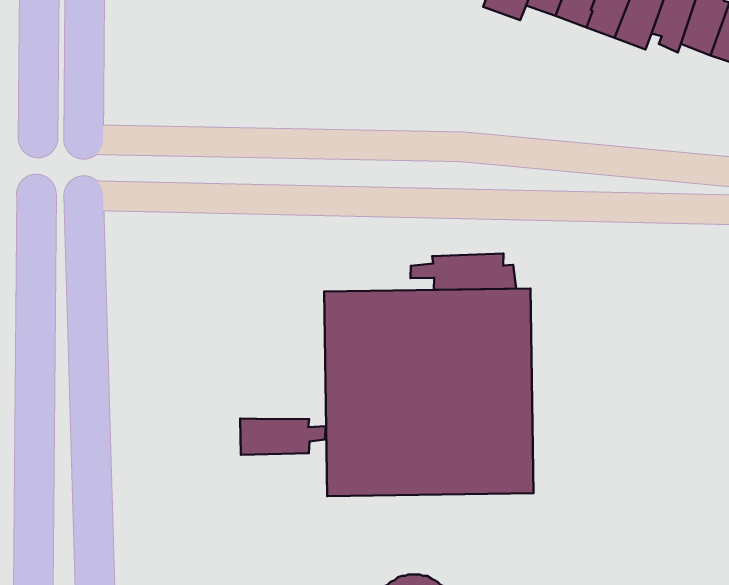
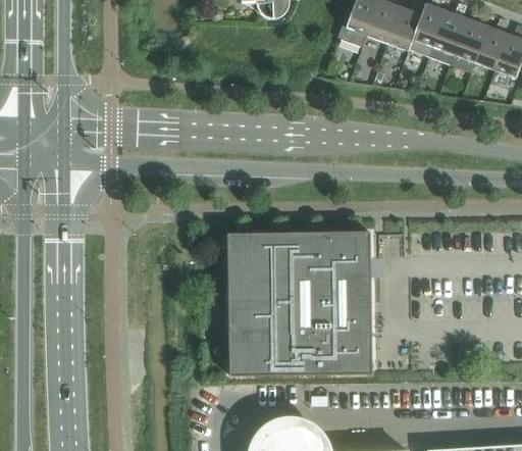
building: [411,254,516,290] -> none
building: [240,419,326,455] -> none

